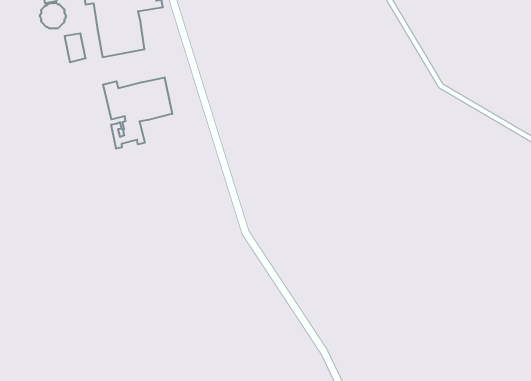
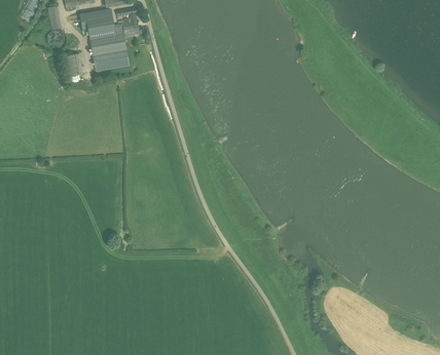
building: [103,77,172,149] -> none

